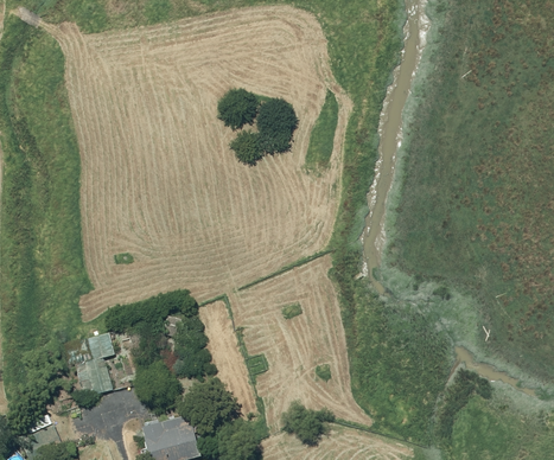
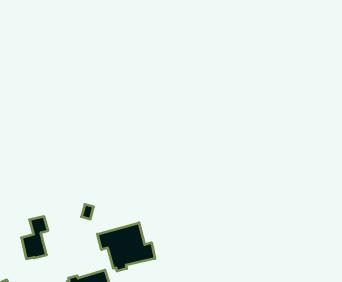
building: none -> [97,223,155,271]

